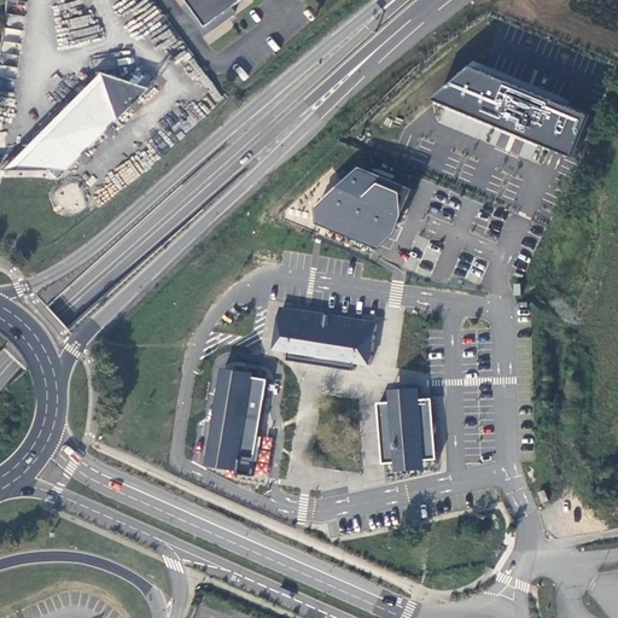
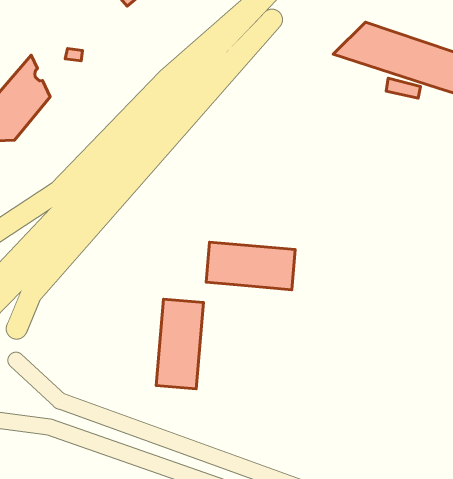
building: [88,74,136,124] -> none
building: [314,165,415,247] -> none
building: [375,386,435,470] -> none

